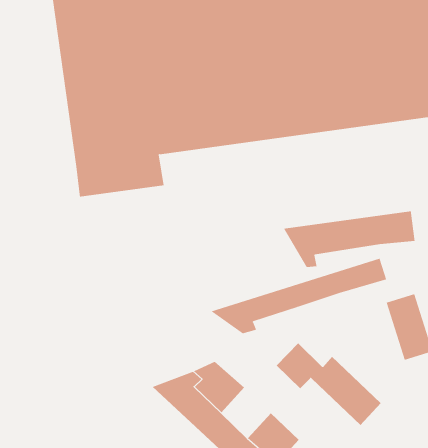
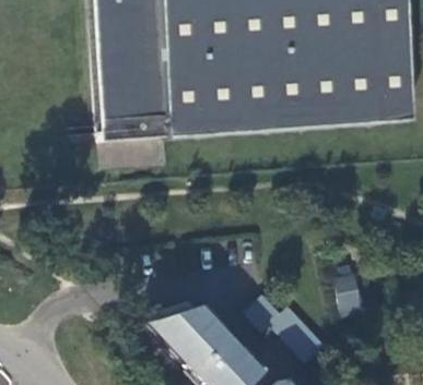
building: [283,211,415,268] -> none
building: [210,258,387,334] -> none

